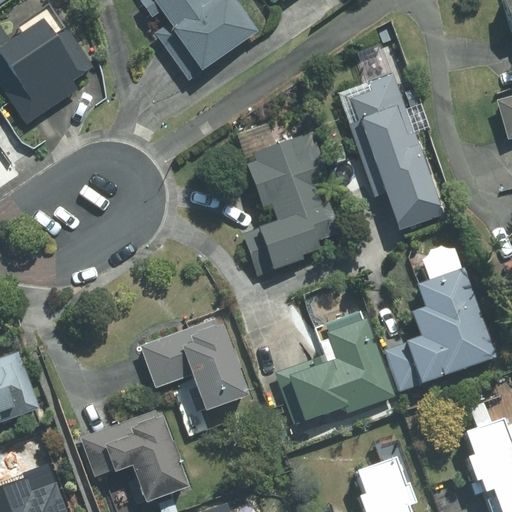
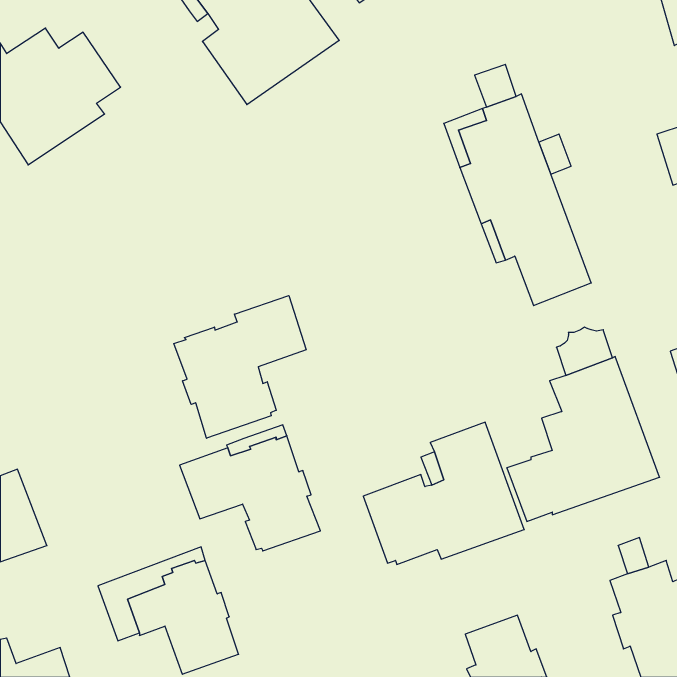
building: [244,134,340,275] -> none
building: none -> [174,296,306,438]

